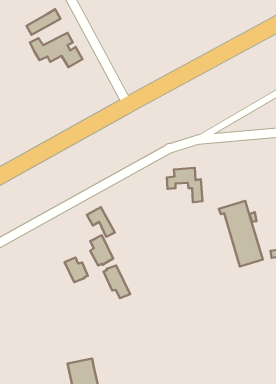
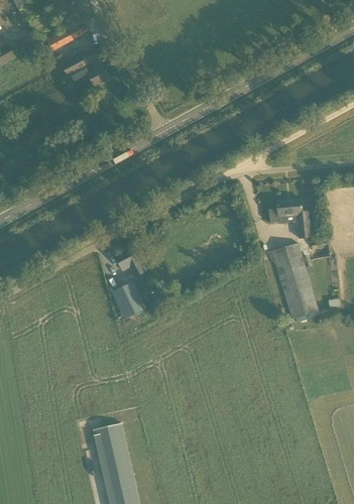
building: [167,168,203,202] -> [268,200,310,239]
building: [65,258,88,282] -> none
building: [104,265,130,298] -> none

